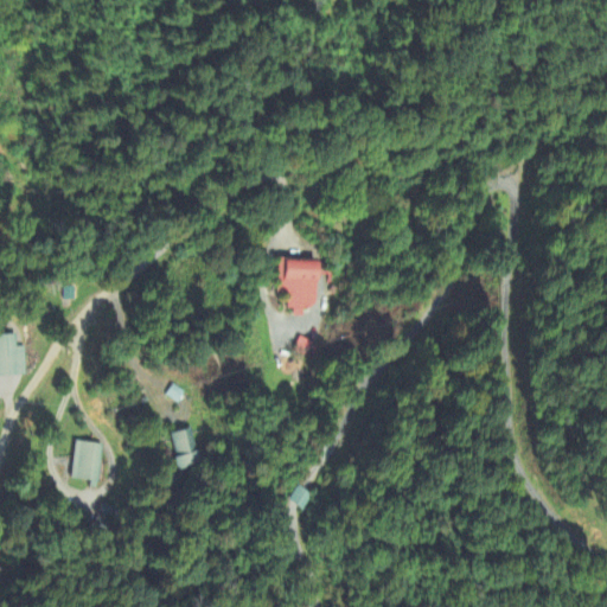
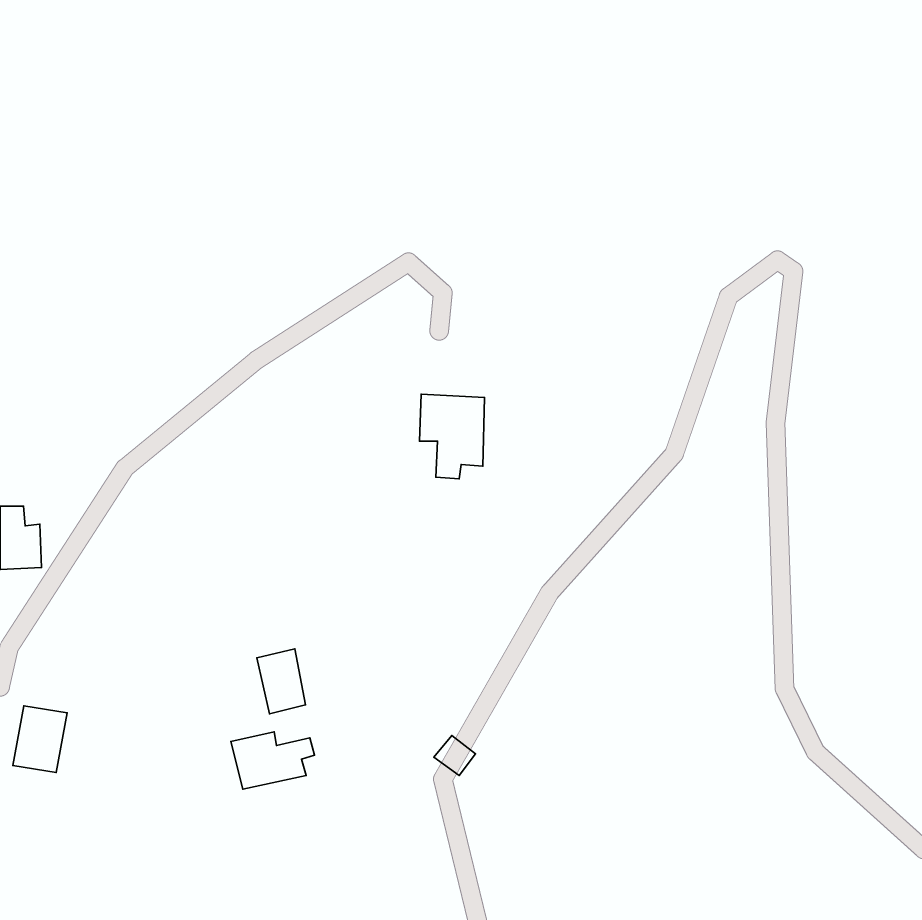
building: [69,439,104,483] -> [13,706,67,773]
building: none -> [231,732,315,789]

